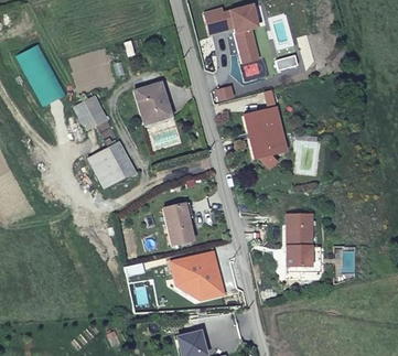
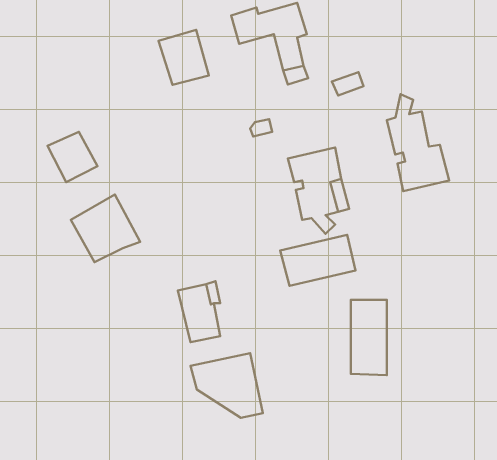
building: none -> [387,94,449,191]
building: [136,84,171,122] -> [158,30,209,85]
building: none -> [280,235,355,286]

